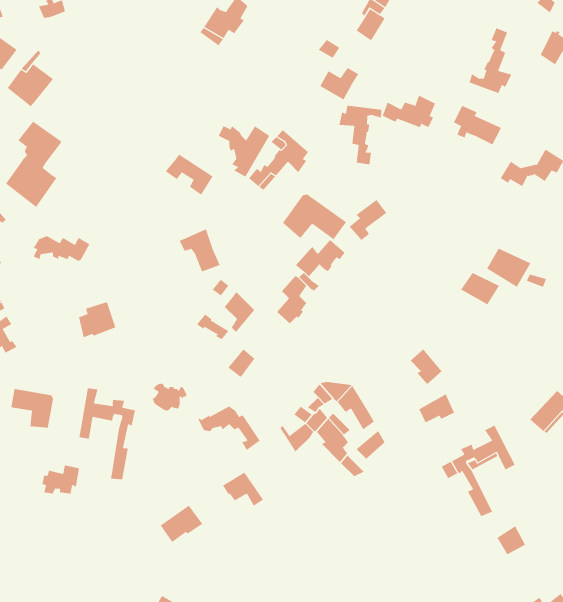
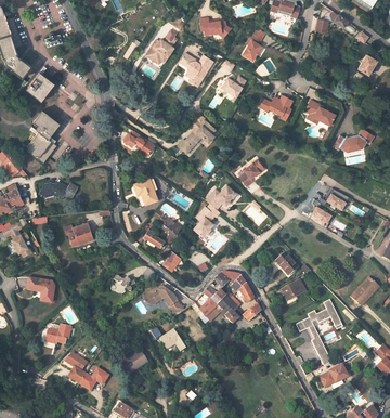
building: [469,28,512,94] -> none
building: [339,105,382,165] -> none
building: [218,125,270,178] -> [180,55,212,88]
building: [282,193,347,240] -> none
building: [79,387,135,480] -> none
building: none -> [68,367,109,392]

